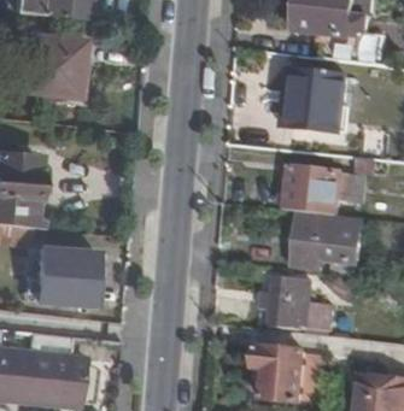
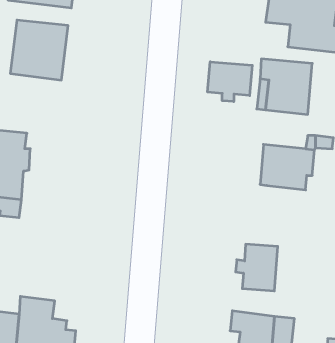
building: none -> [208,62,252,102]
building: [291,211,361,266] -> none
building: [34,246,90,306] -> none

